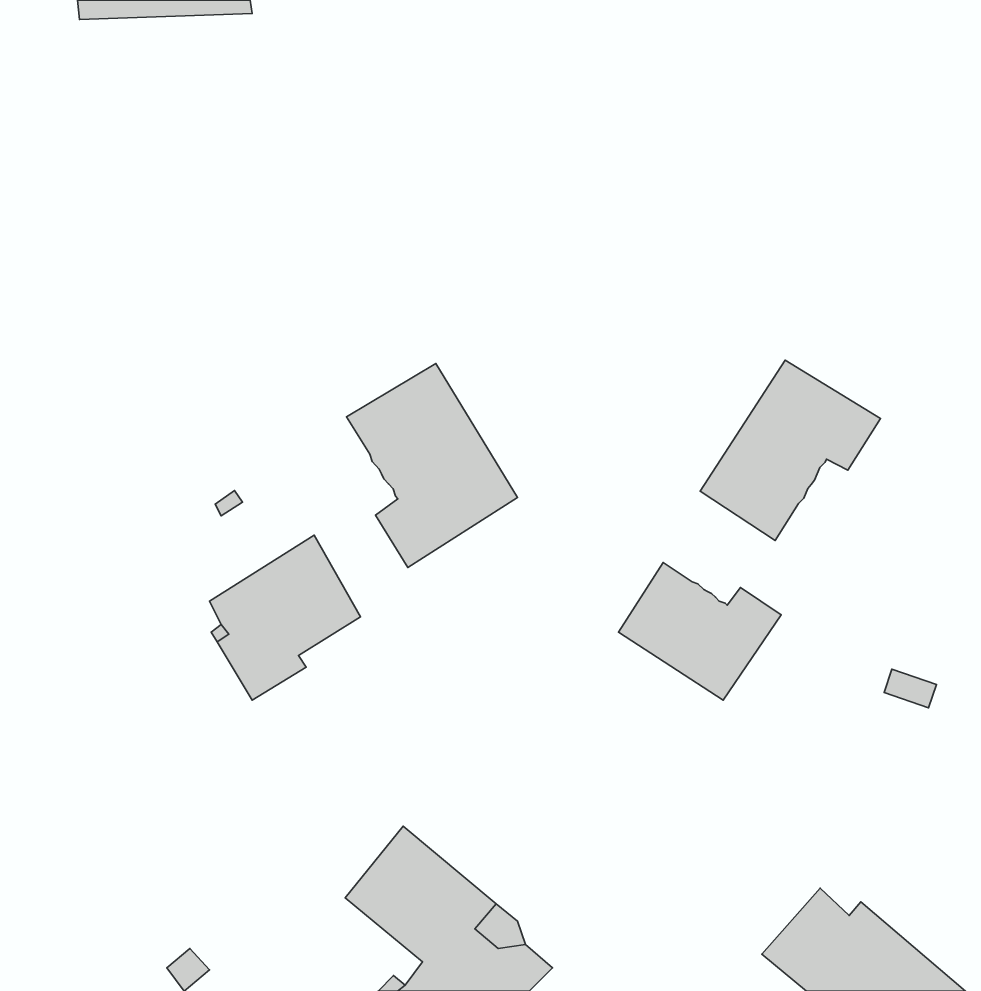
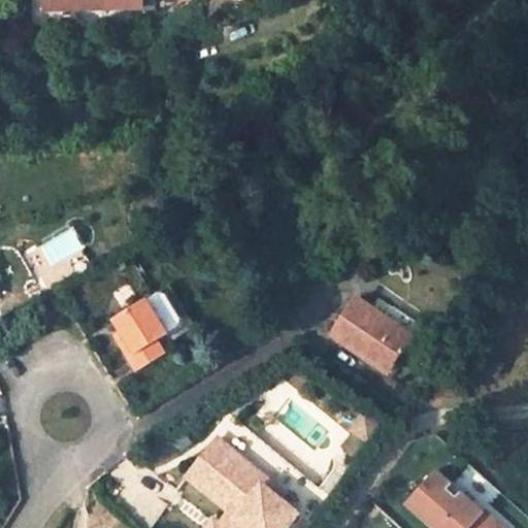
building: [700,360,880,540] -> none
building: [347,363,517,567] -> none

